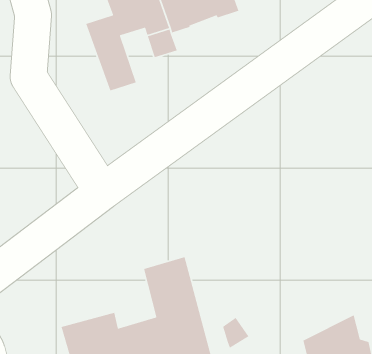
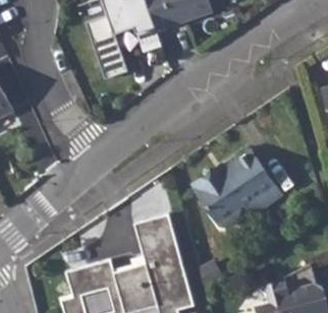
building: none -> [193,151,281,228]

